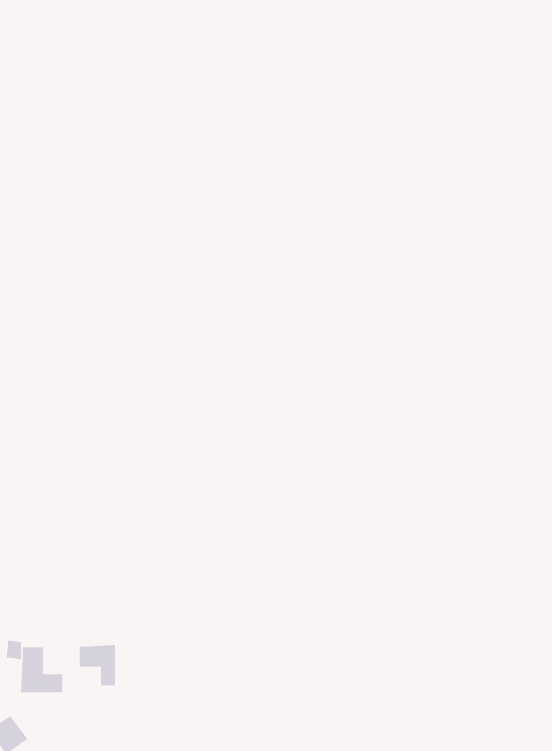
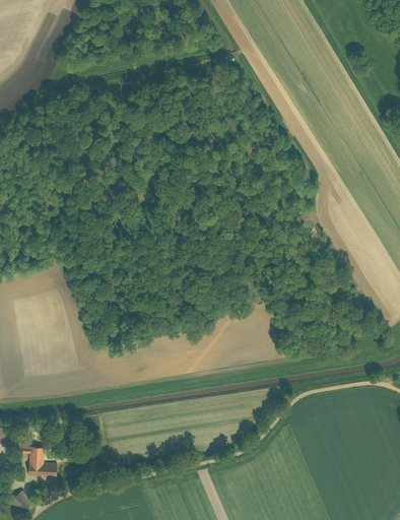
building: [79,644,116,686] -> none

